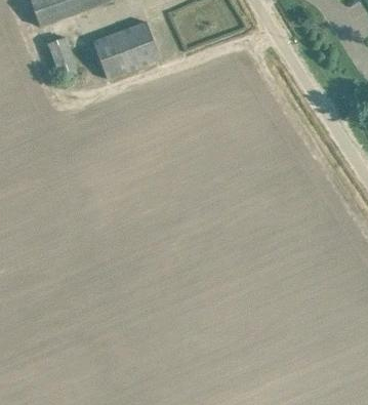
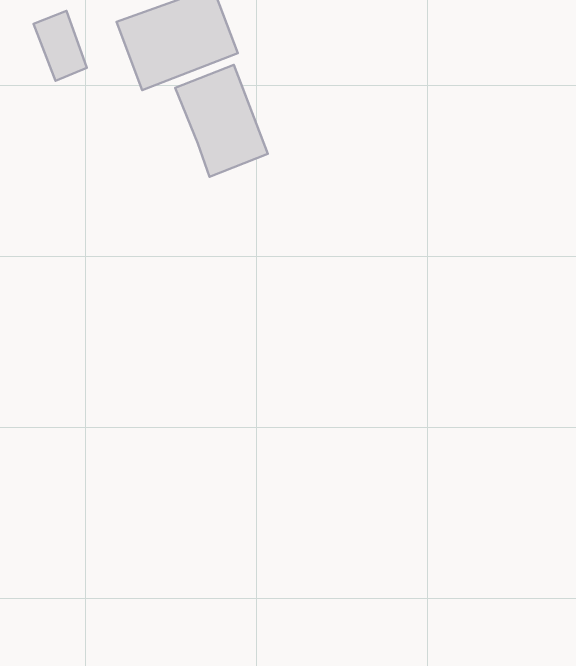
building: none -> [175,65,268,177]

